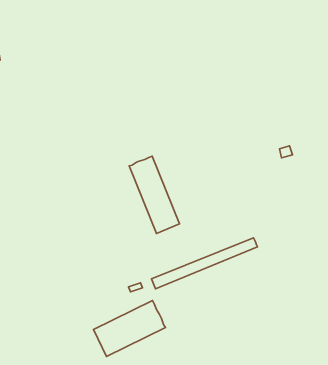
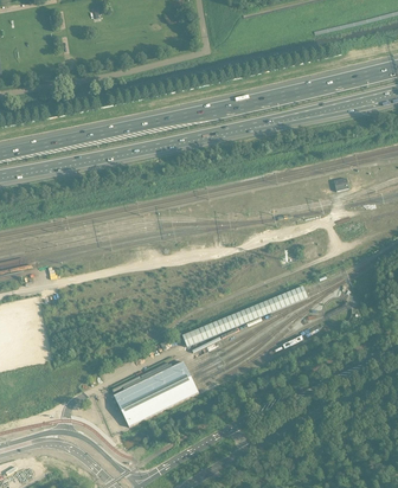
building: [129,156,180,234] -> none

